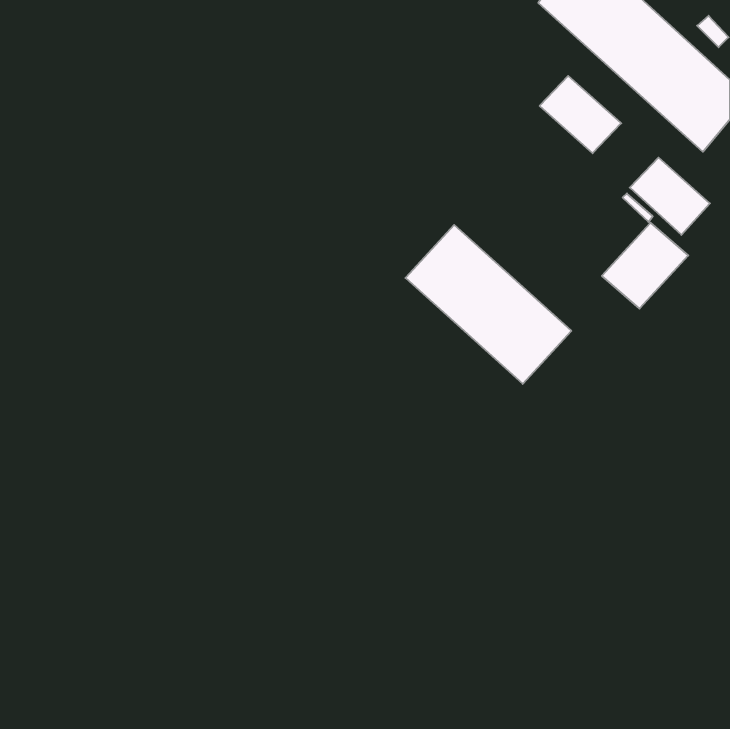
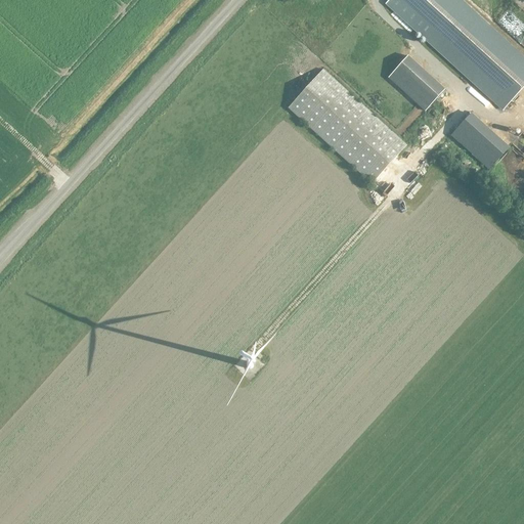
building: [602,223,688,309] -> none
building: [405,225,571,384] -> [287,69,405,182]

